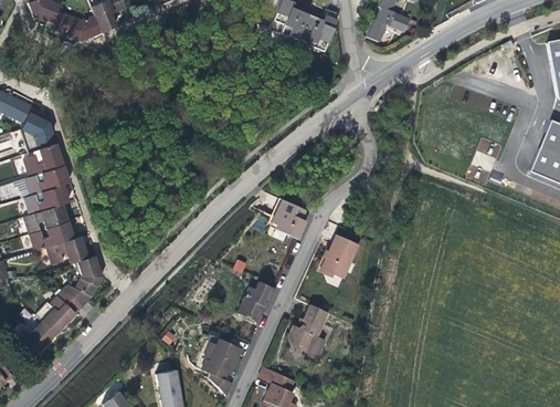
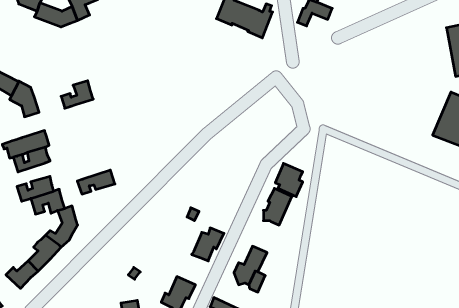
building: [23,143,62,176] -> [61,81,93,108]
building: [274,200,307,240] -> [275,163,303,197]
building: [23,204,68,232] -> [77,170,115,194]

